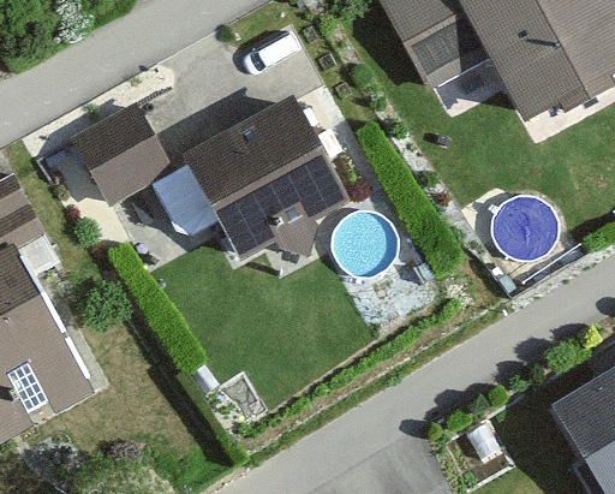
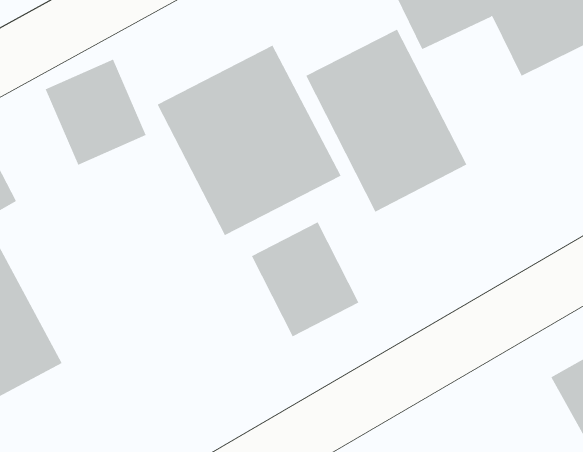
building: none -> [306,29,467,213]
building: none -> [251,221,359,337]

